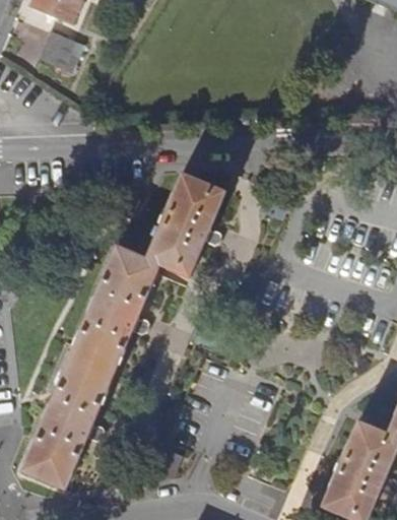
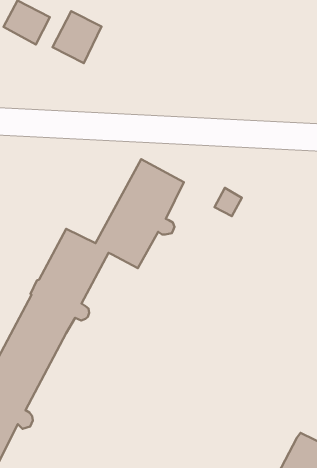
building: none -> [53,11,102,63]

